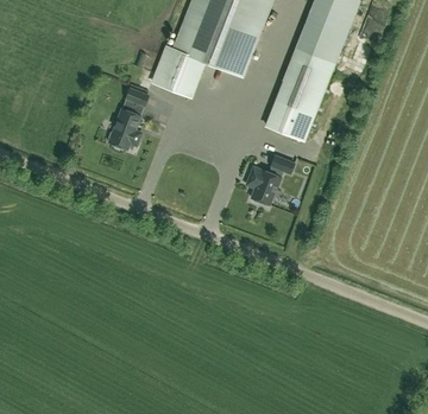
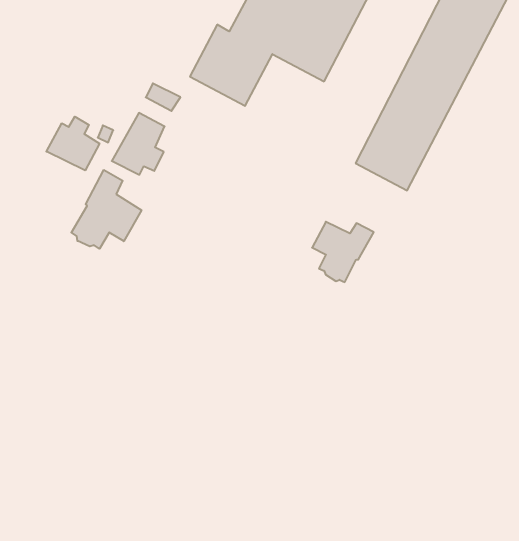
building: none -> [46,117,99,170]
building: none -> [71,170,141,249]

